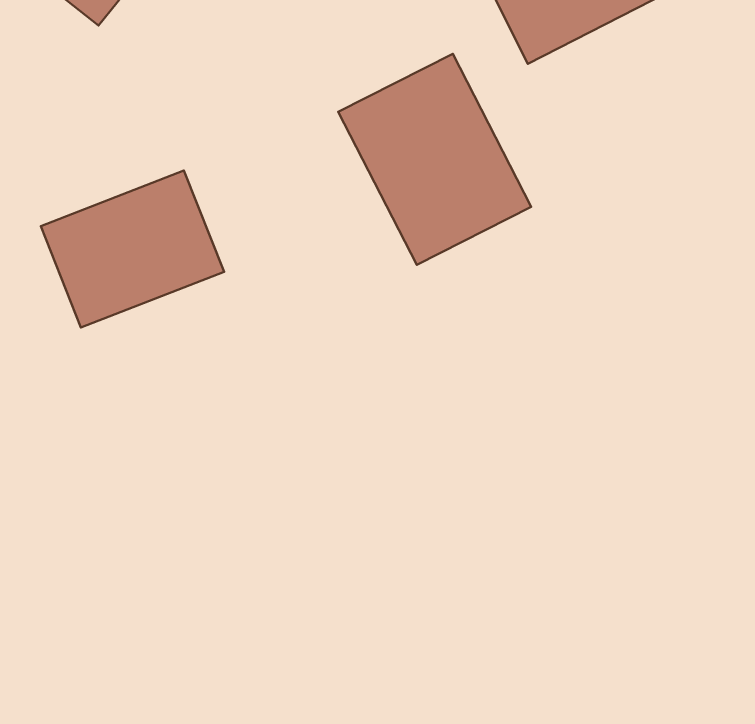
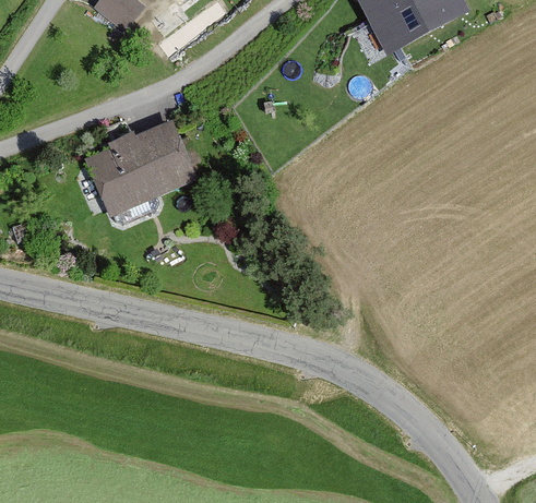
building: [338,54,531,265] -> none

